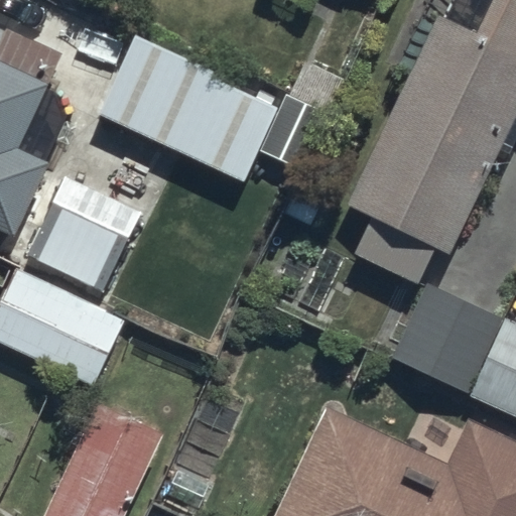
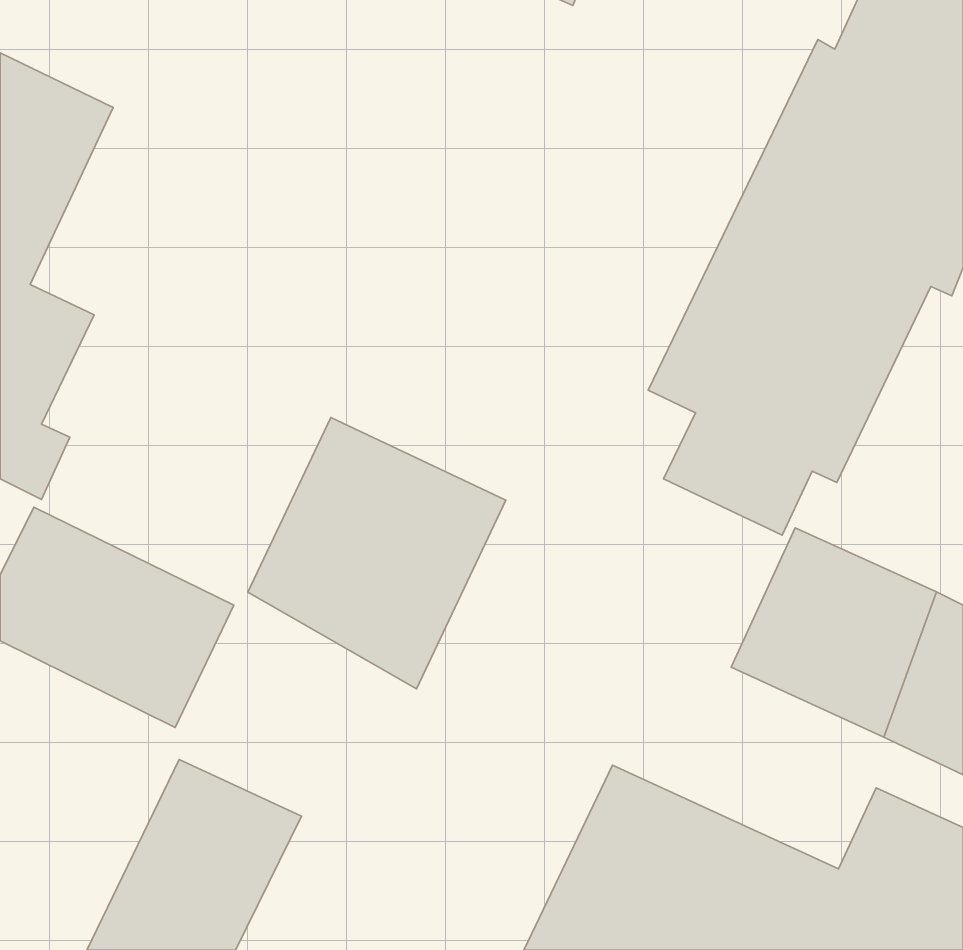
building: [99,35,272,175] -> none
building: [29,176,141,291] -> none
building: none -> [248,418,506,689]

